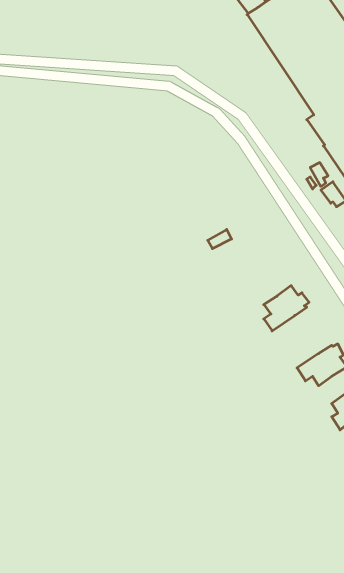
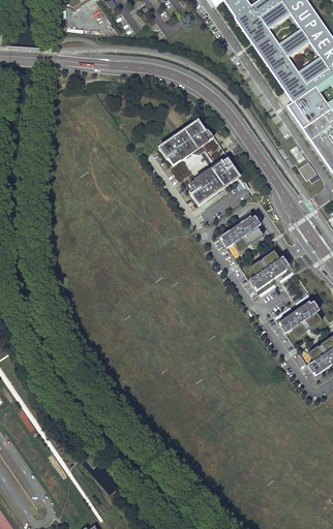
building: none -> [158,121,239,205]
building: none -> [220,216,263,251]

